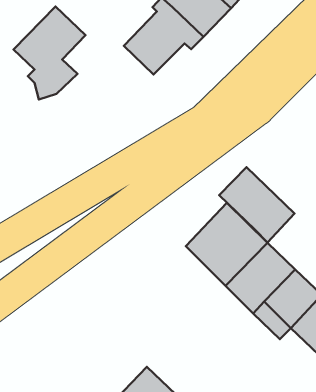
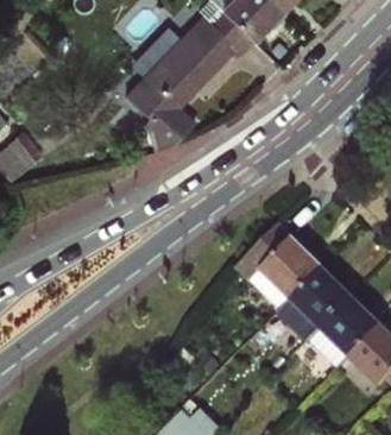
building: [13,6,85,99] -> [122,55,200,155]
building: [219,167,295,243] -> none

